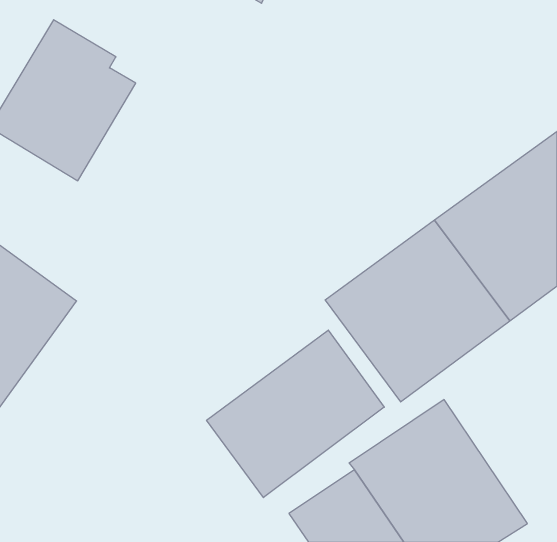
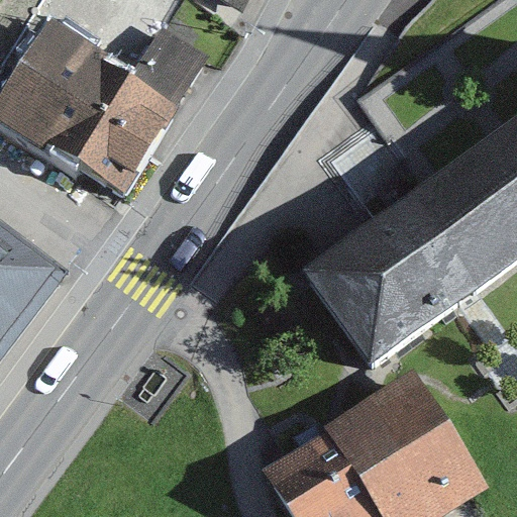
building: none -> [72,19,209,196]
building: [207,330,384,498] -> none

